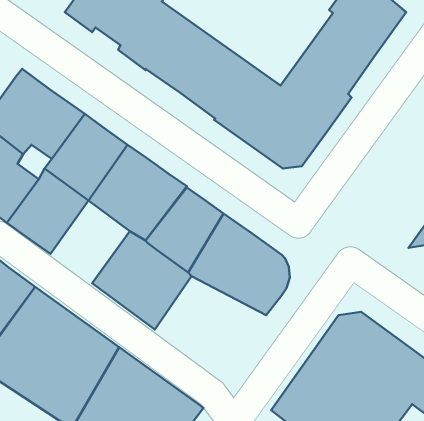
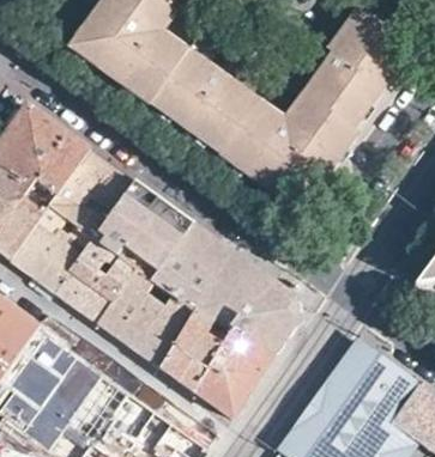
building: none -> [53,233,133,317]
building: none -> [158,310,271,415]

